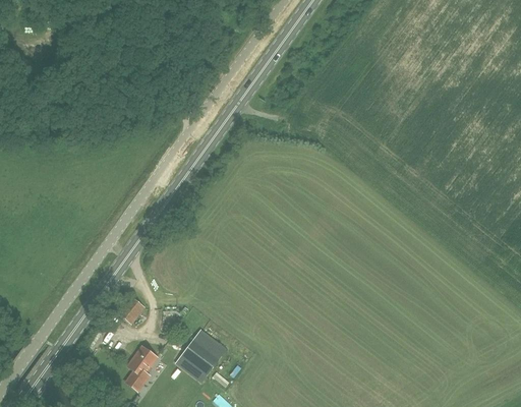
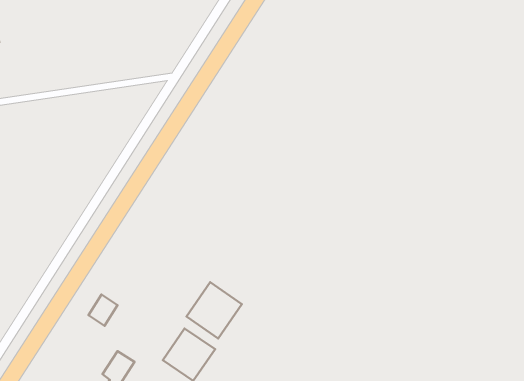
building: none -> [186,282,242,339]

